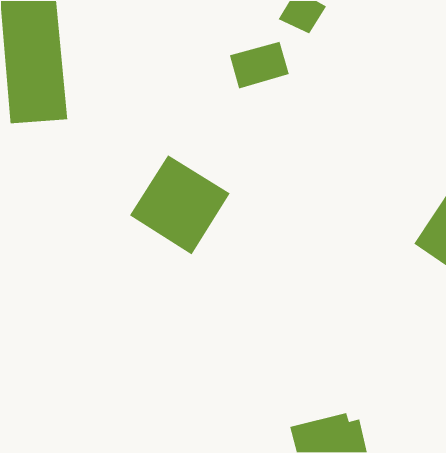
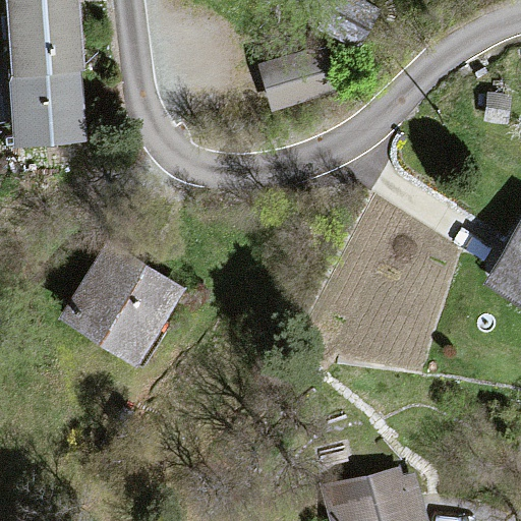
building: [129,154,231,255] -> [59,245,176,361]

